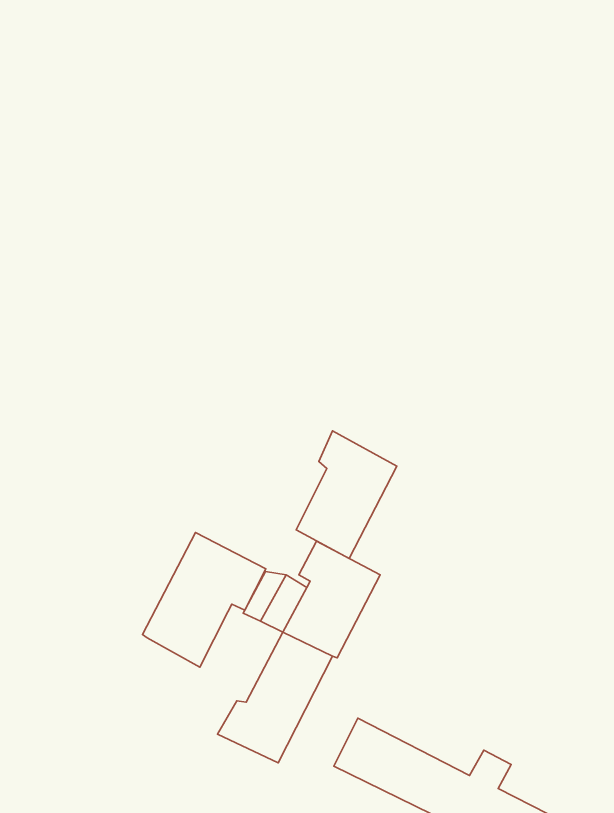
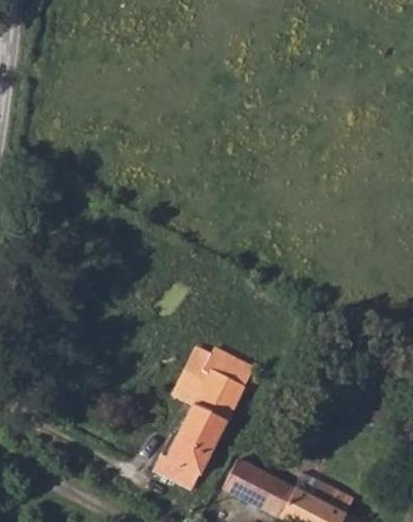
building: [296,431,397,558] -> none
building: [143,533,266,667] -> none

